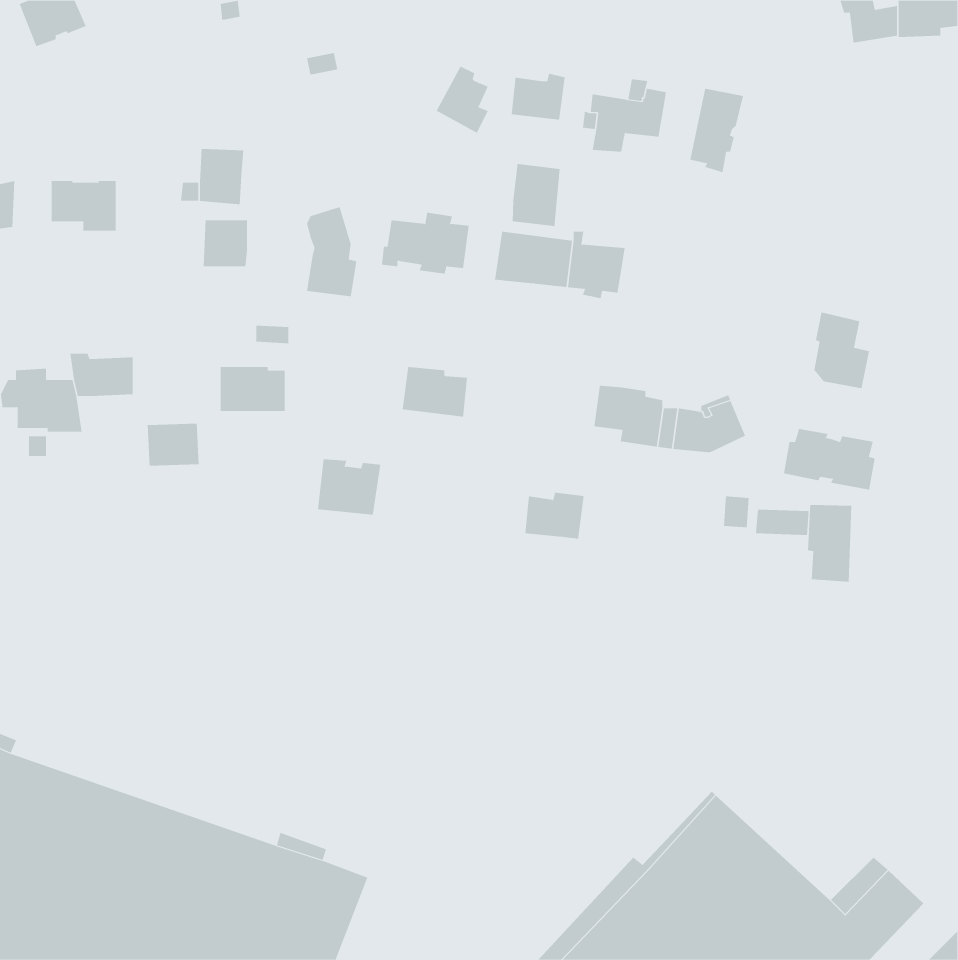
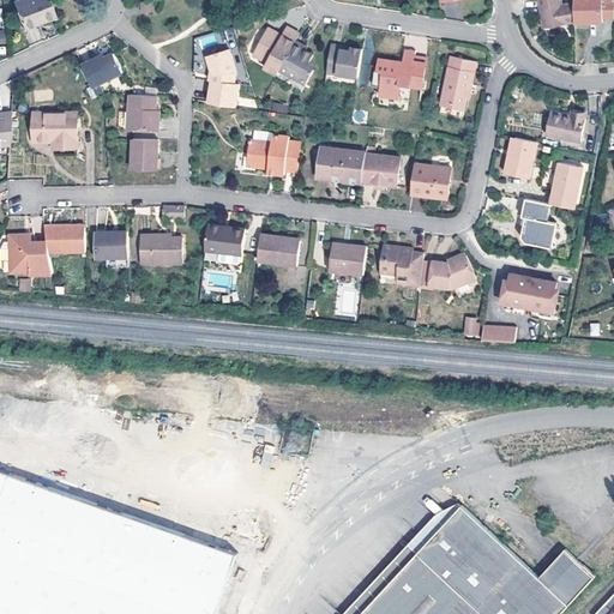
building: none -> [253,28,299,74]
building: none -> [82,53,121,86]
building: [512,163,560,227] -> none
building: none -> [546,113,585,143]
building: [306,207,357,297] -> [206,50,239,108]
building: none -> [505,138,537,179]
building: none -> [410,163,450,198]
building: none -> [552,164,583,210]
building: [147,423,200,466] -> [95,231,128,259]
building: [317,459,381,515] -> [204,224,245,260]
building: [524,492,585,539] -> [329,245,367,275]
building: [808,504,852,582] -> none

